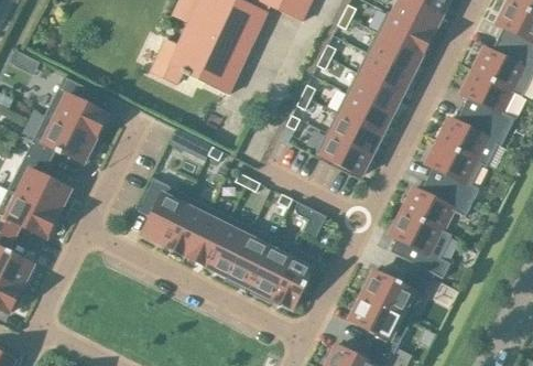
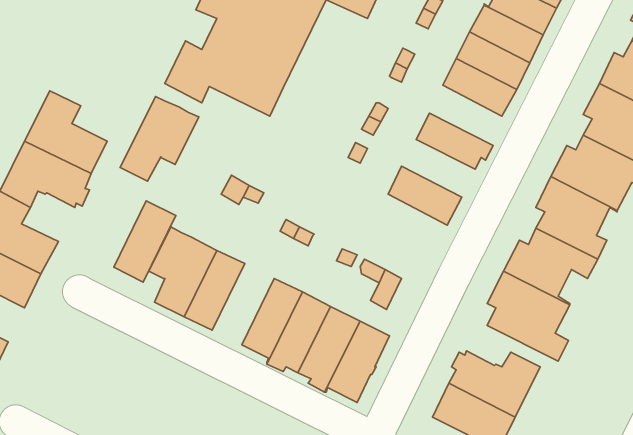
building: [347,72,401,117] -> none
building: none -> [120,96,199,181]
building: [326,112,381,155] -> none
building: [185,205,231,266] -> [114,201,176,282]

